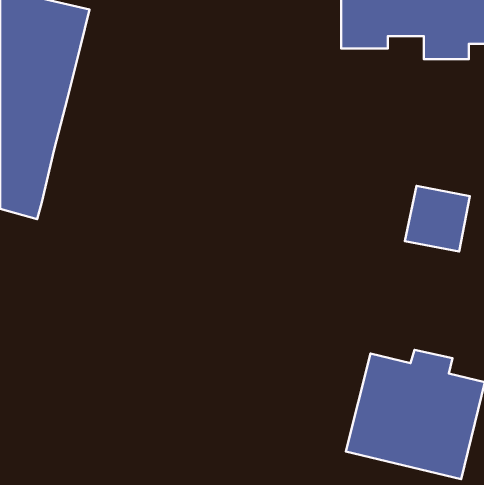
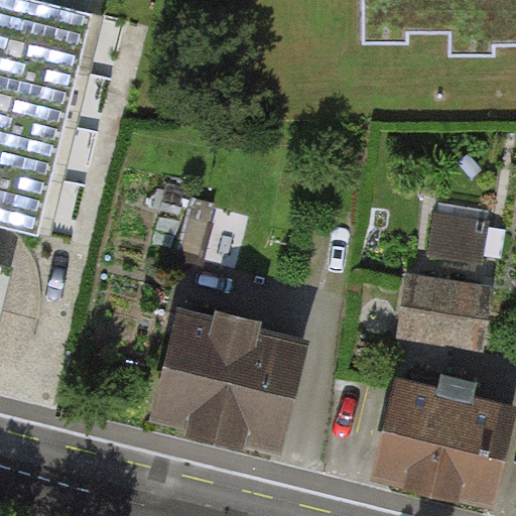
building: none -> [394,273,494,354]
building: none -> [143,309,310,462]

